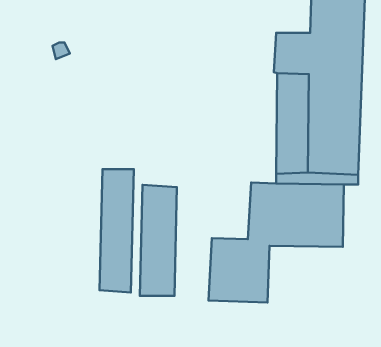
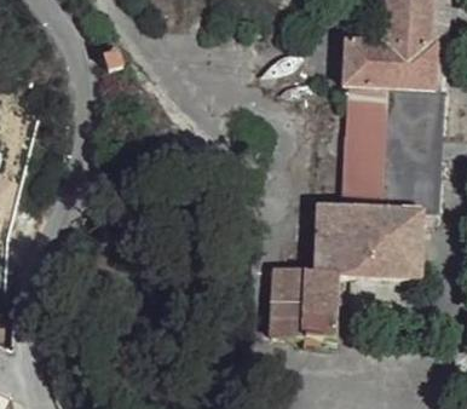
building: [100,169,134,293] -> none
building: [140,185,177,296] -> none

